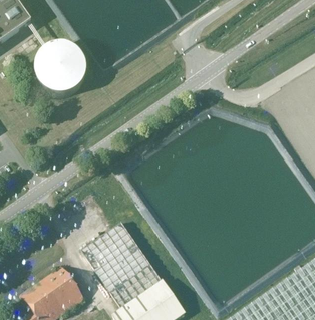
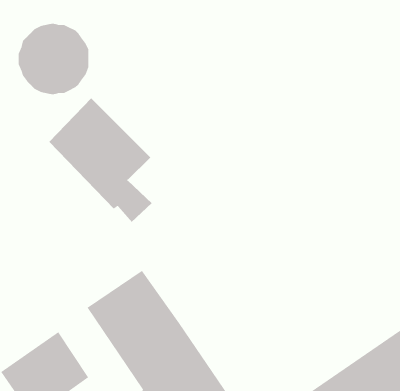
building: none -> [49,98,153,223]

